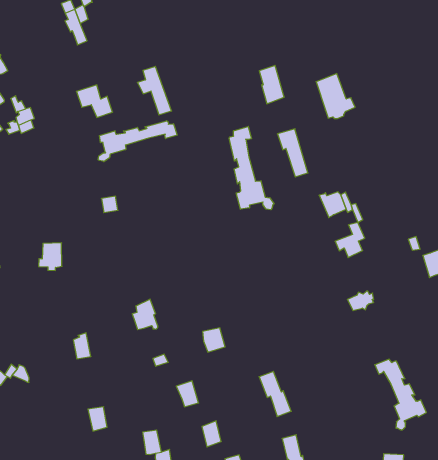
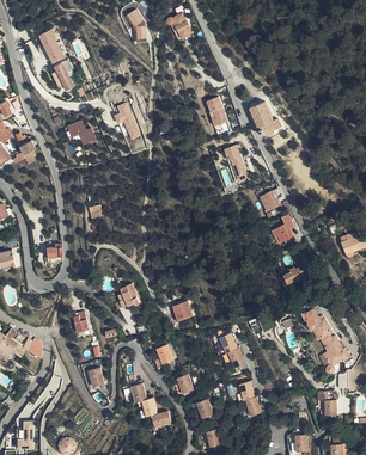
building: [98,121,177,162] -> none
building: [229,126,274,210] -> none

